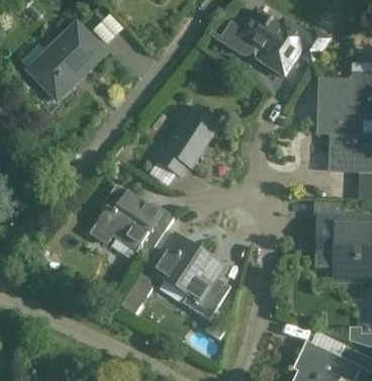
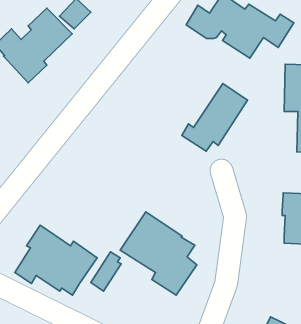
building: [153,105,220,175] -> [182,83,248,151]
building: [88,184,173,256] -> [15,225,97,295]

